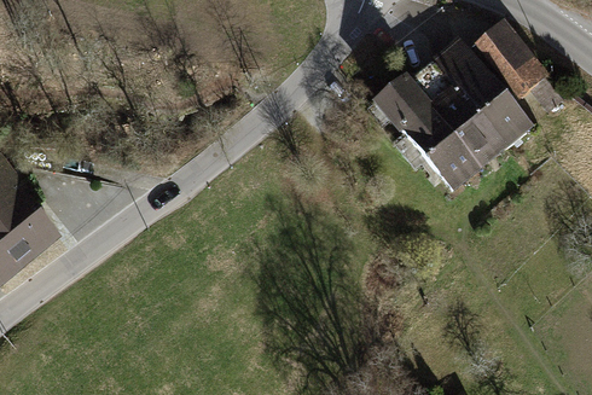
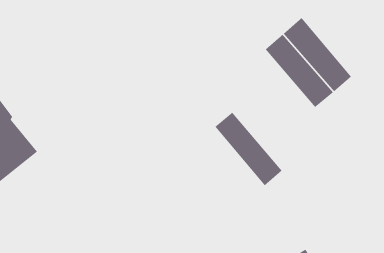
building: [475,18,546,93] -> none
building: [376,85,476,193] -> [214,112,283,186]

